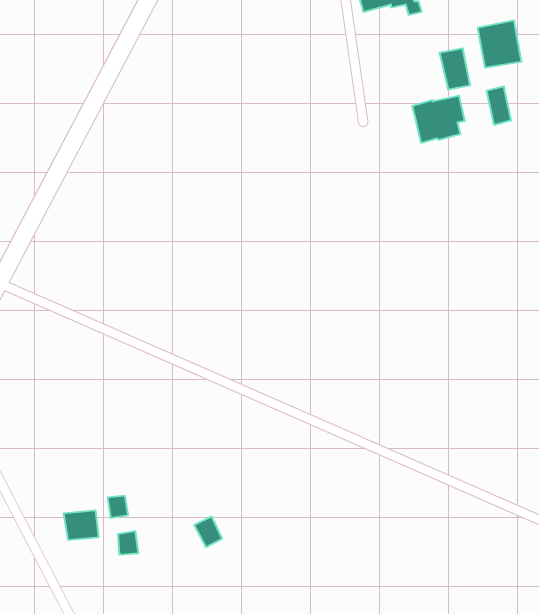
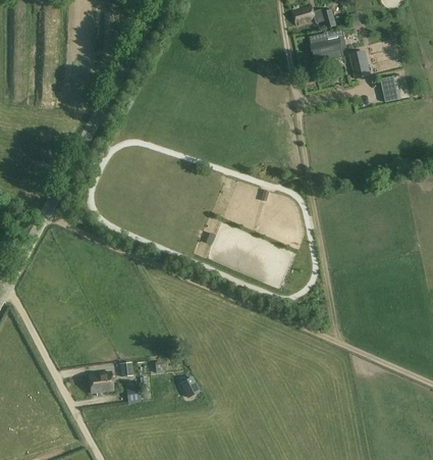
building: [412,96,465,143] -> [306,30,342,62]

